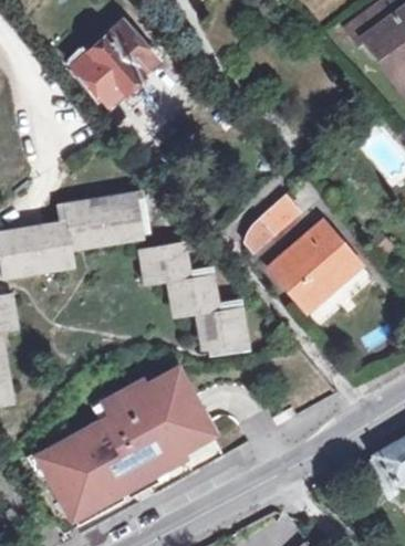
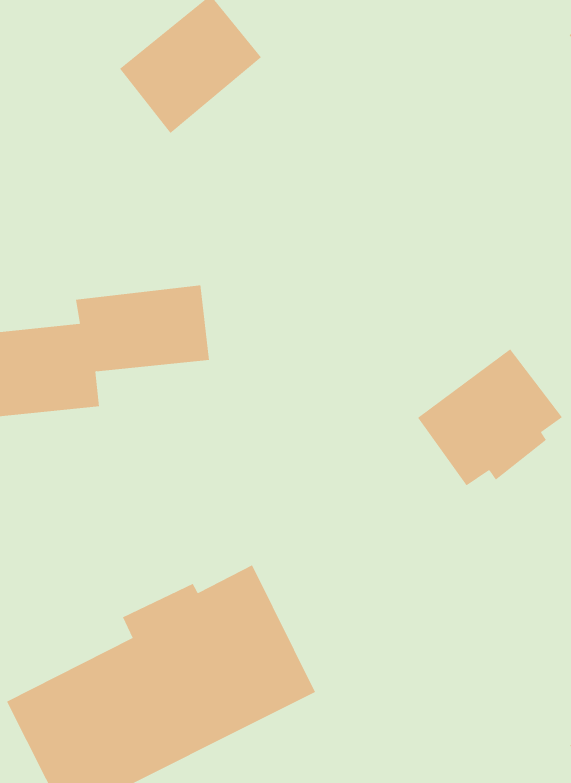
building: [250,195,302,248] -> none
building: [136,240,245,349] -> none

